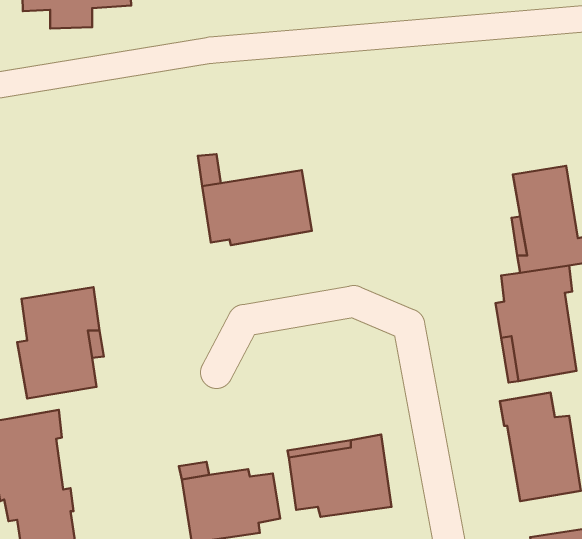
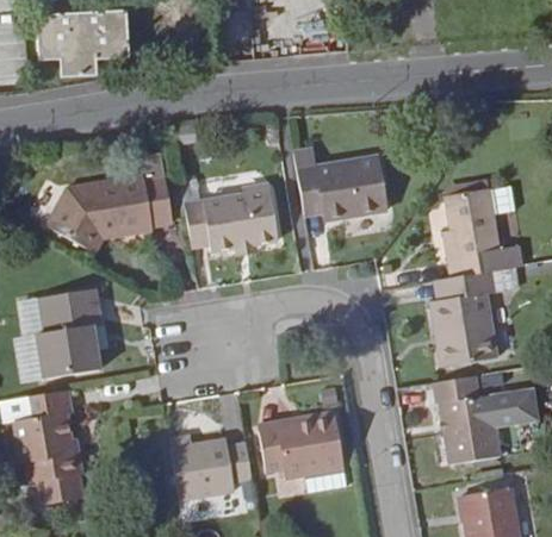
building: none -> [294,149,386,220]
building: none -> [49,175,173,250]

